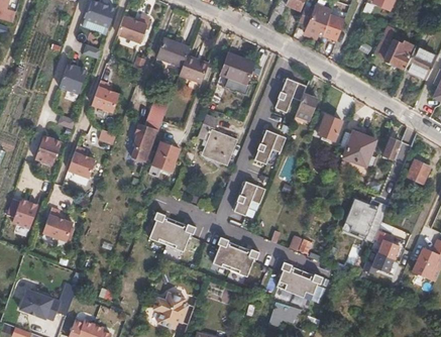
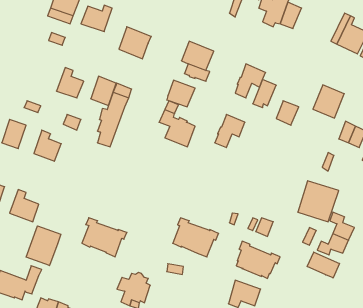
building: [180,55,209,83] -> [167,80,195,107]
building: [59,63,86,93] -> none
building: [343,131,375,165] -> [313,85,344,118]
building: [153,141,180,172] -> [91,76,116,106]
building: [235,181,266,215] -> none
building: [149,211,196,251] -> [82,218,127,257]
building: none -> [26,226,61,266]
building: none -> [307,252,339,278]

